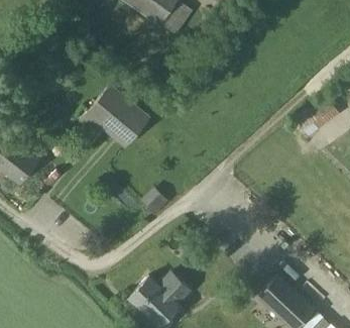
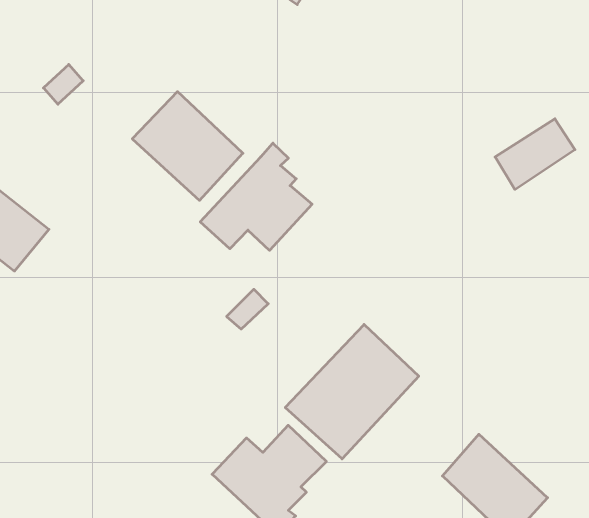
building: none -> [200,143,312,250]
building: none -> [285,324,419,459]

